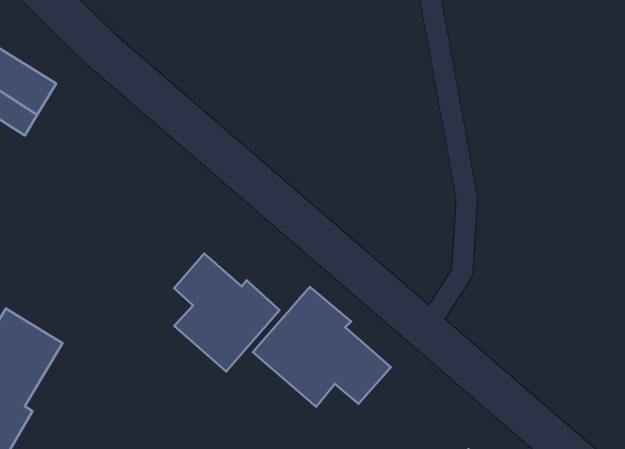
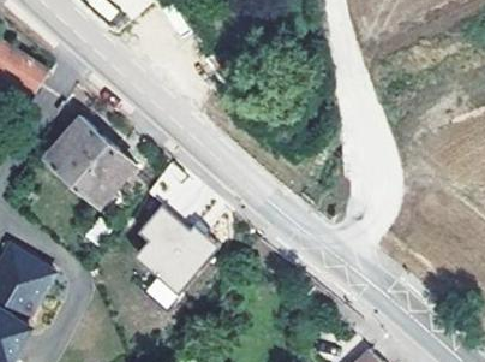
building: none -> [47,115,134,202]
building: [253,287,391,407] -> none

